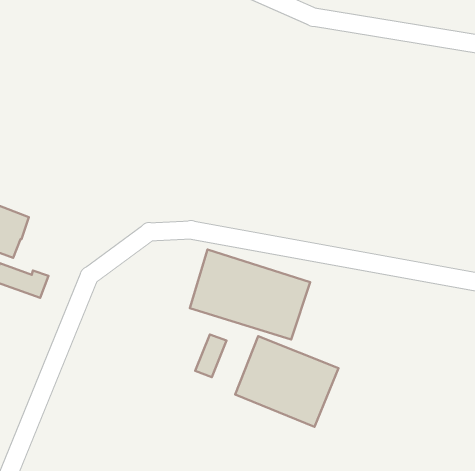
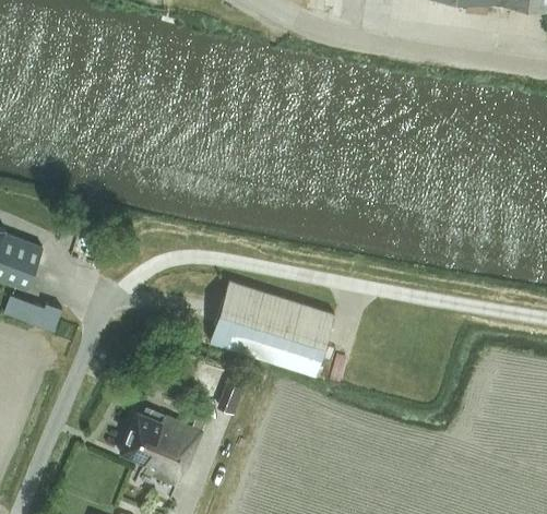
building: [235,336,339,427] -> none
building: none -> [118,408,204,488]

